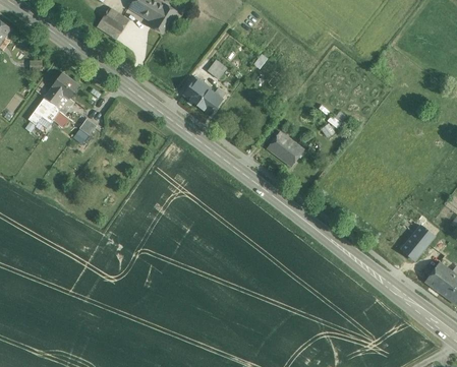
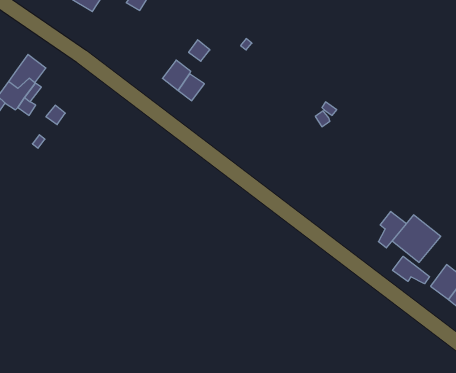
building: [267,132,303,167] -> none
building: none -> [378,211,406,248]
building: none -> [393,256,430,284]

